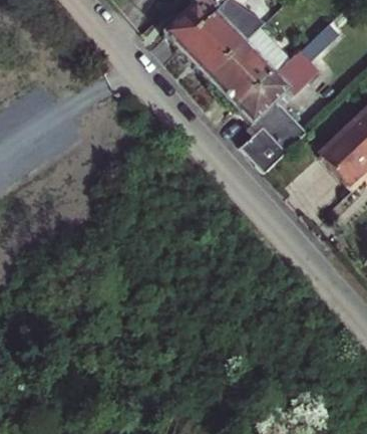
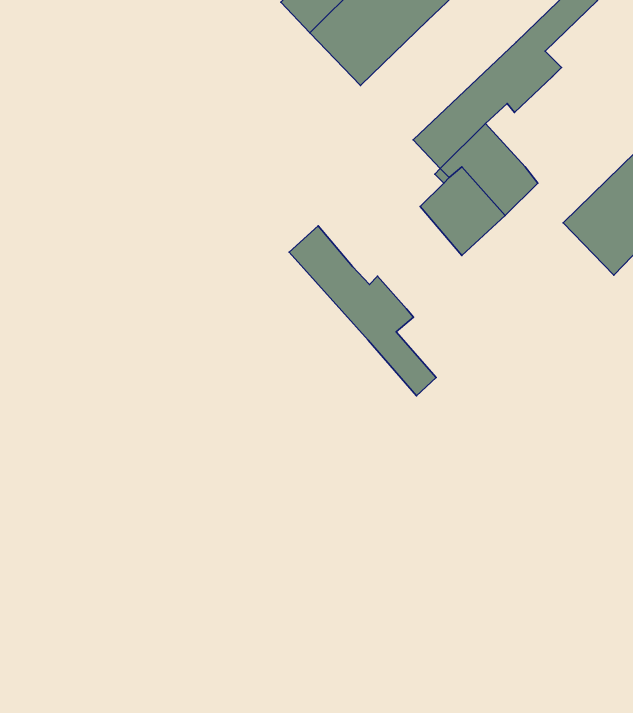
building: [210,37,296,105] -> none
building: none -> [289,226,436,396]

